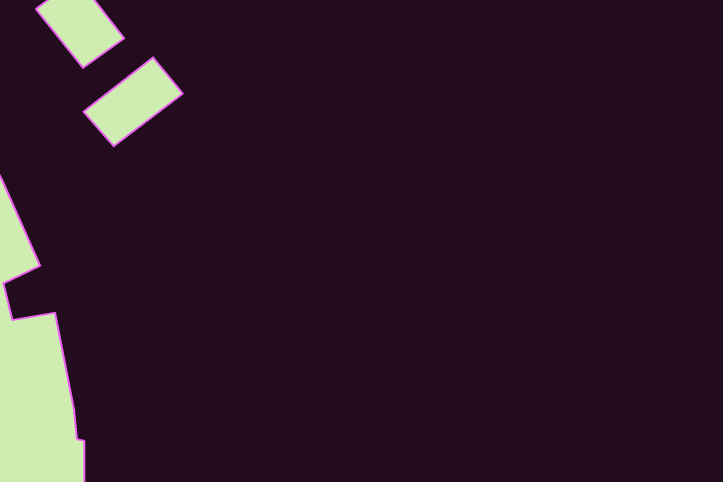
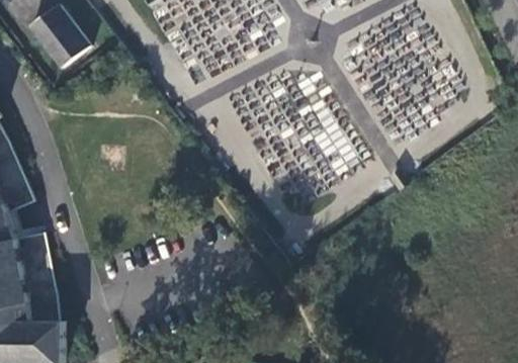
building: [84,57,183,146] -> none

